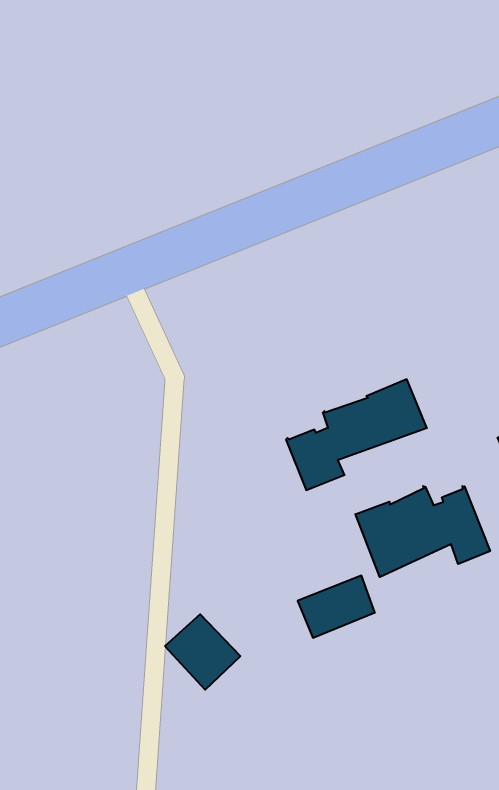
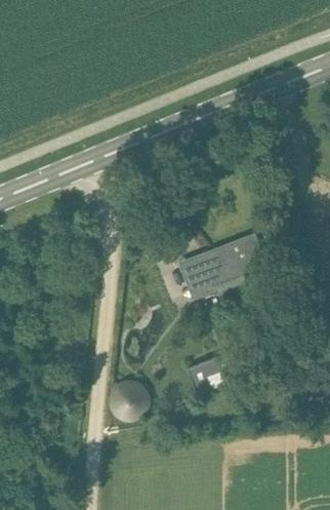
building: [355,486,490,577] -> none

